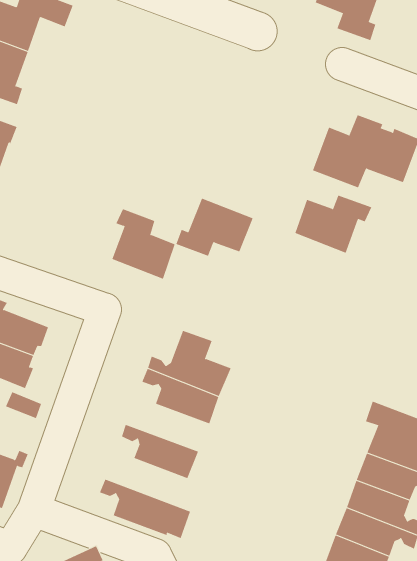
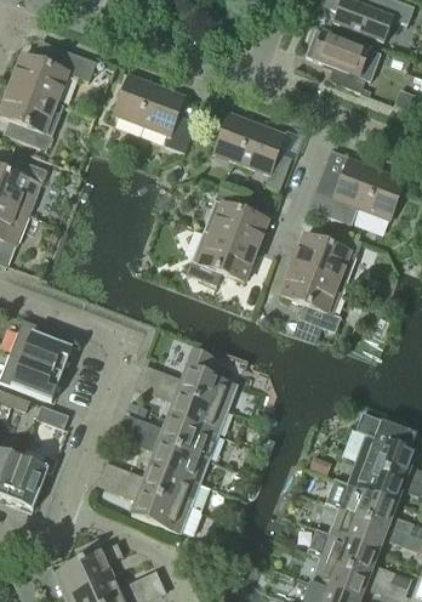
building: none -> [113,74,195,152]
building: none -> [213,112,291,188]
building: [112,209,176,280] -> [210,187,267,250]
building: none -> [280,263,340,331]
building: none -> [142,415,217,458]
building: none -> [124,464,210,511]

